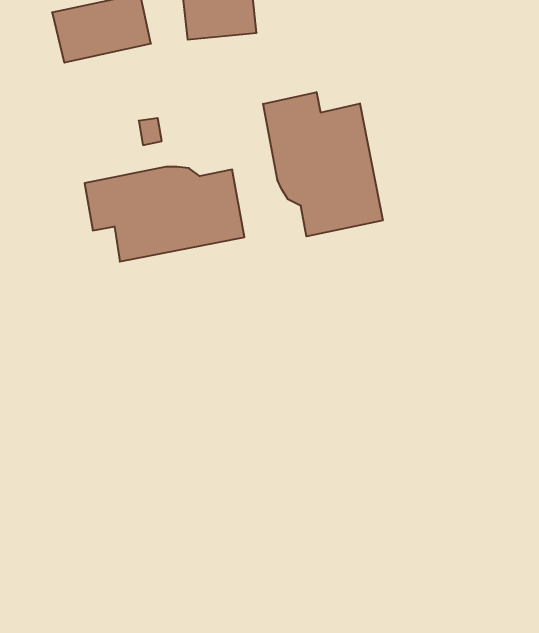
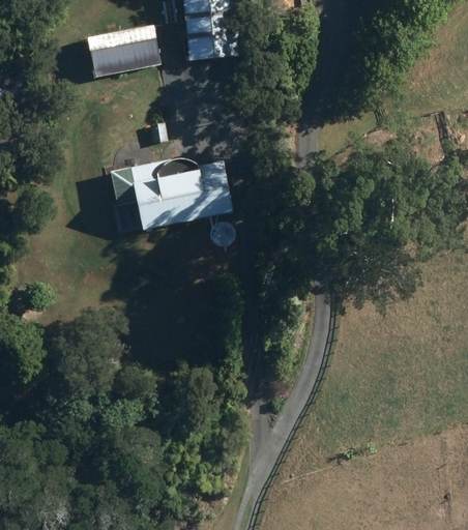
building: [263,92,383,236] -> none

